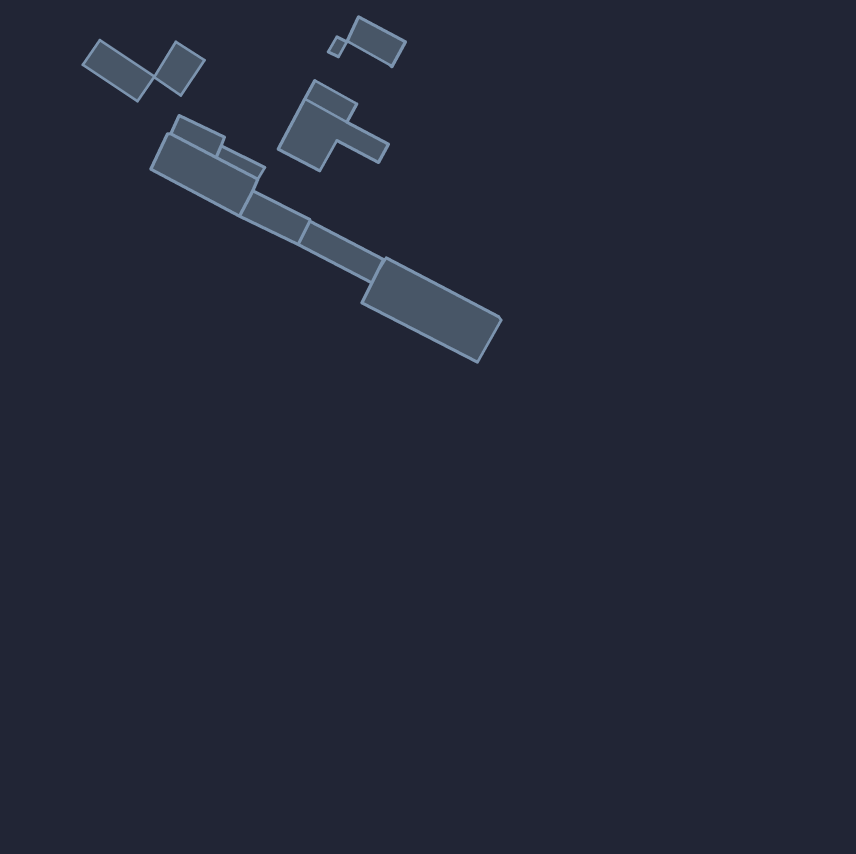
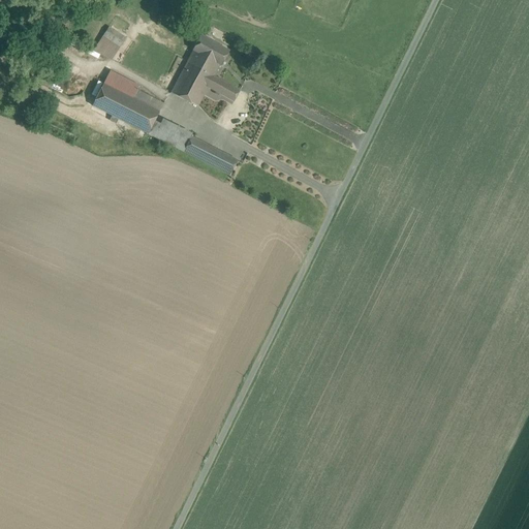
building: [347,17,405,67] -> [193,34,229,65]
building: [83,40,154,101] -> none
building: [362,258,501,362] -> none

